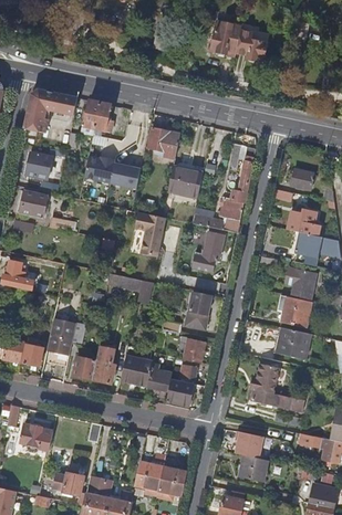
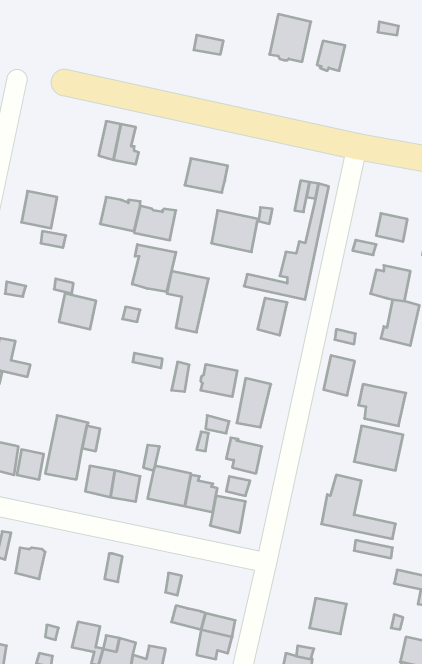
building: [23,85,79,132] -> none
building: [20,191,48,218] -> [59,294,96,329]
building: none -> [132,244,176,292]
building: [291,270,314,299] -> [324,355,355,395]
building: none -> [201,364,237,397]
building: [236,431,271,454] -> none
building: [133,473,159,497] -> none

